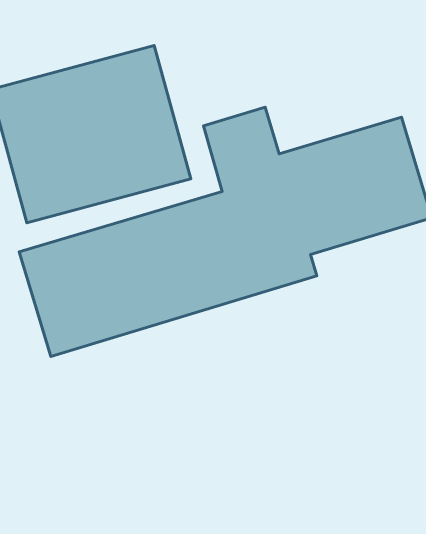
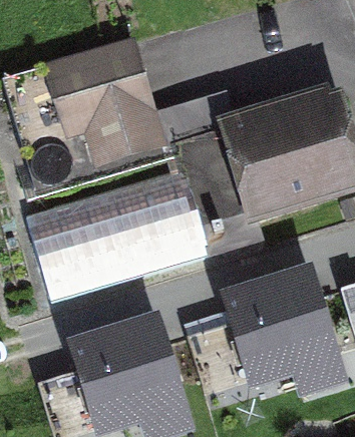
building: none -> [228,276,339,383]
building: none -> [78,321,184,422]

